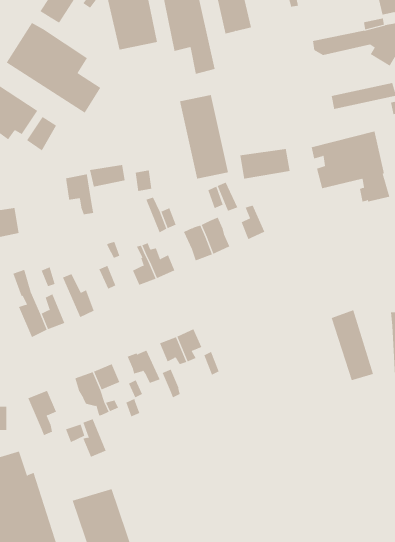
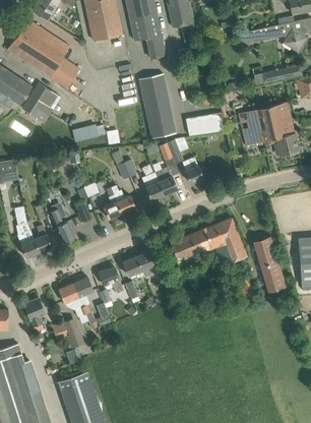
building: [65,173,94,215] -> none
building: none -> [170,218,247,266]

